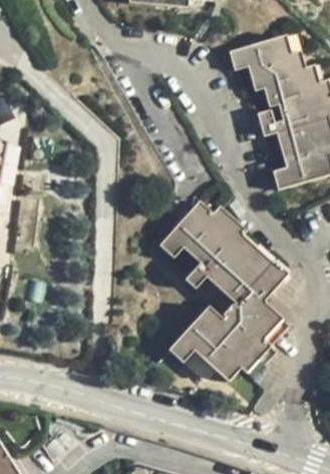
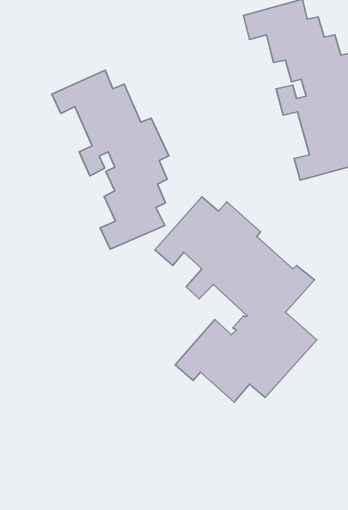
building: none -> [52,70,169,249]

